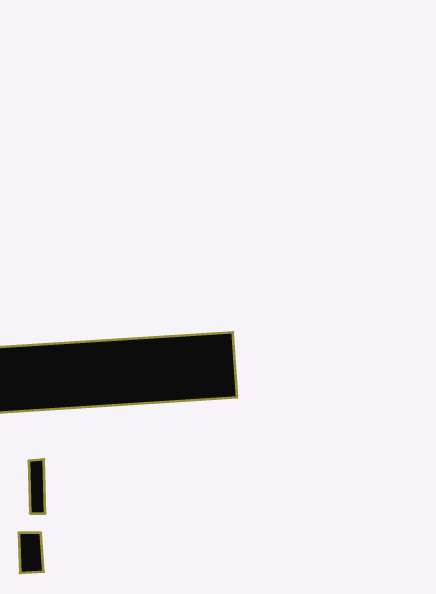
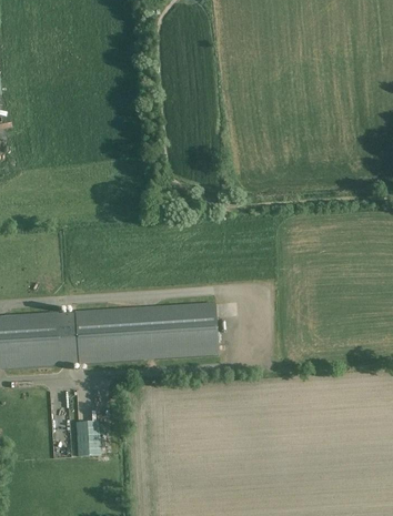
building: [19,533,44,573] -> [78,422,98,454]

